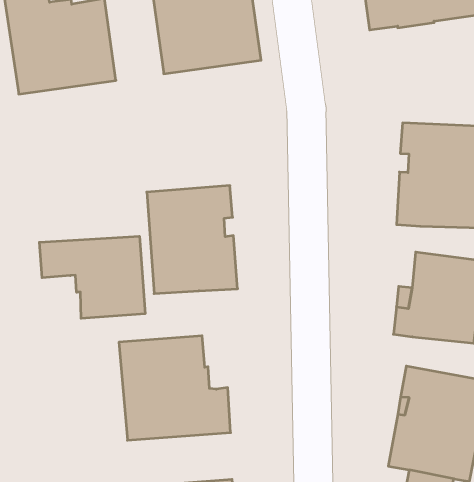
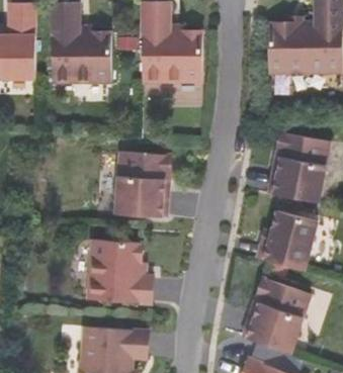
building: [39,236,145,318] -> none

